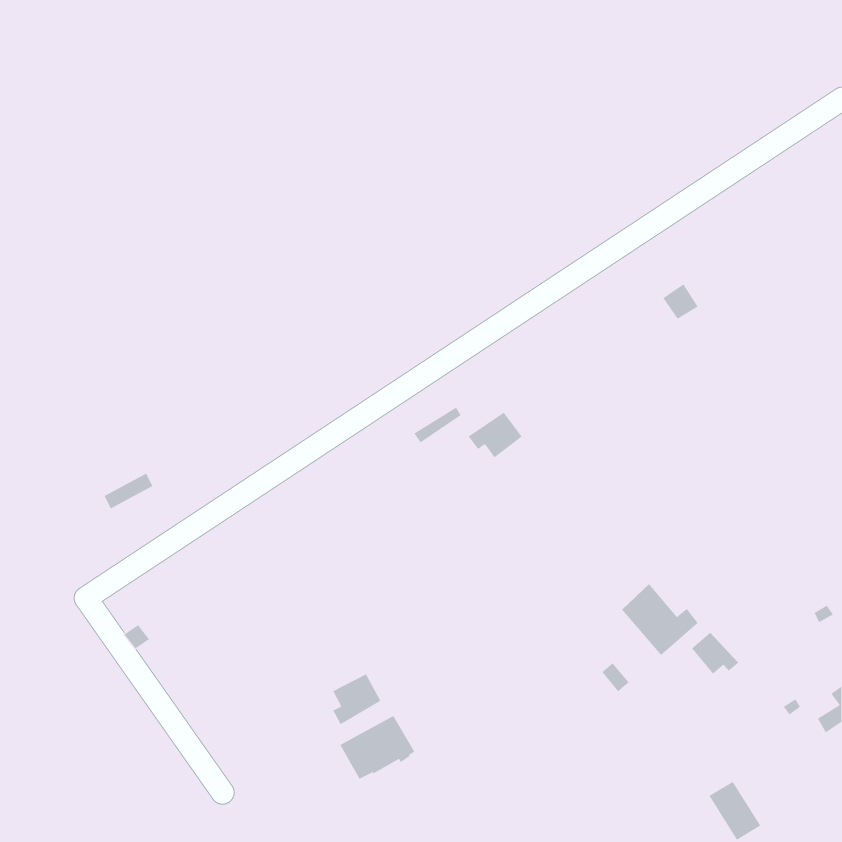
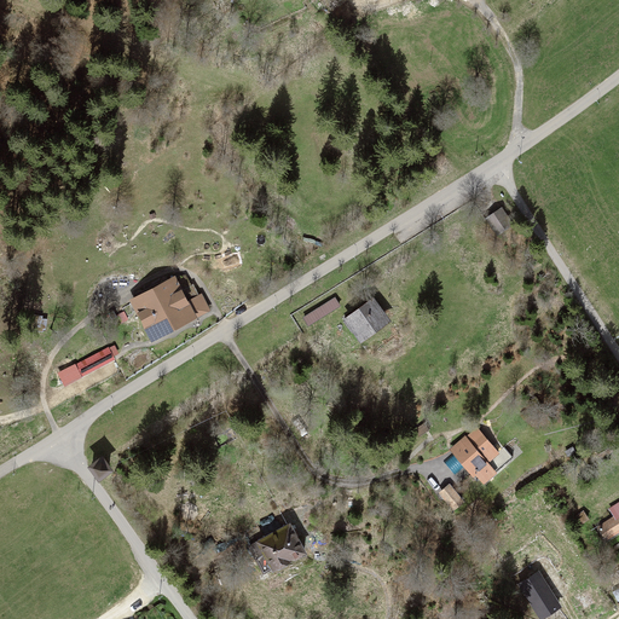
building: none -> [134,279,207,337]
building: [691,632,739,674] -> none
building: [332,673,381,725] -> none

